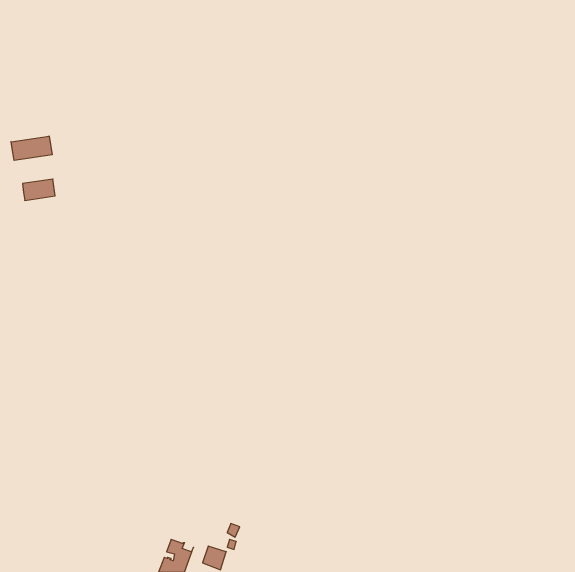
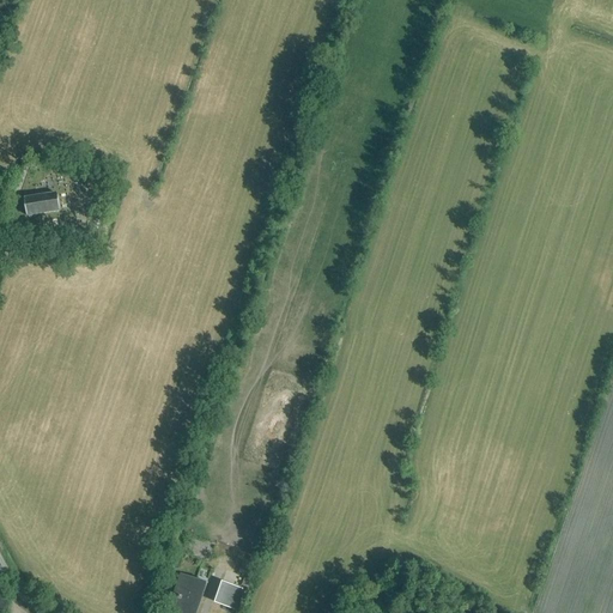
building: [11,136,52,160] -> none

